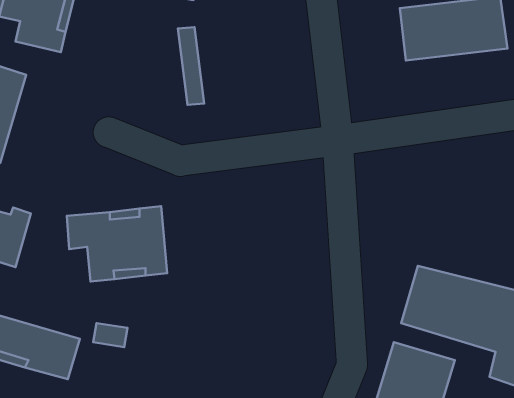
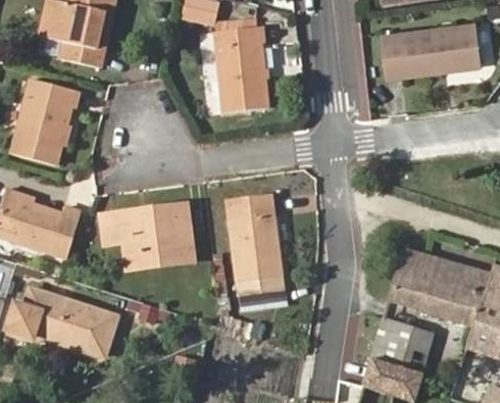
building: none -> [232,33,280,117]
building: none -> [227,195,280,295]

